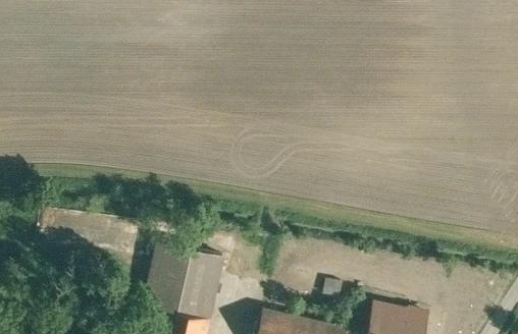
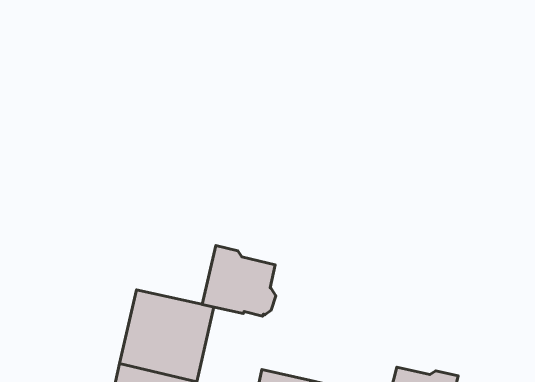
building: none -> [202,246,276,316]

